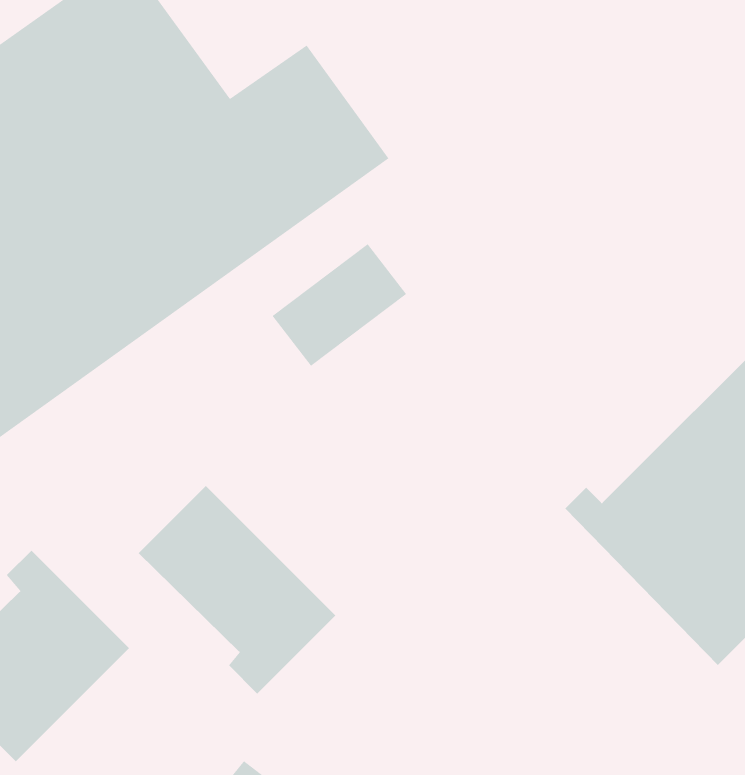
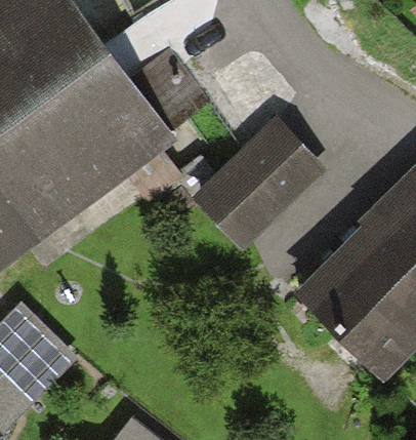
building: none -> [204,125,319,239]
building: [138,485,336,694] -> none

